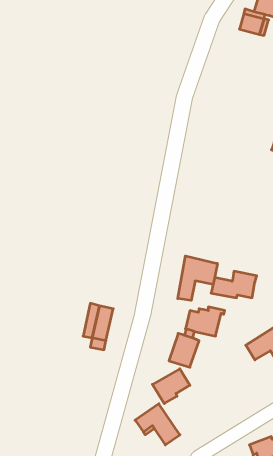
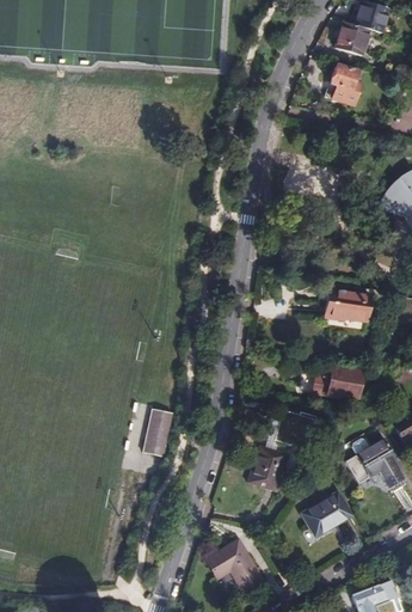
building: none -> [336,65,358,102]
building: none -> [327,284,374,320]
building: [178,256,217,300] -> none
building: [152,369,190,404] -> [301,490,350,536]

